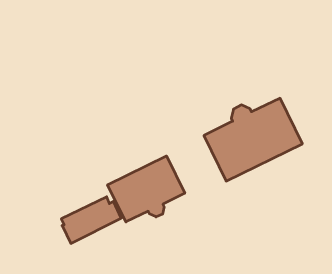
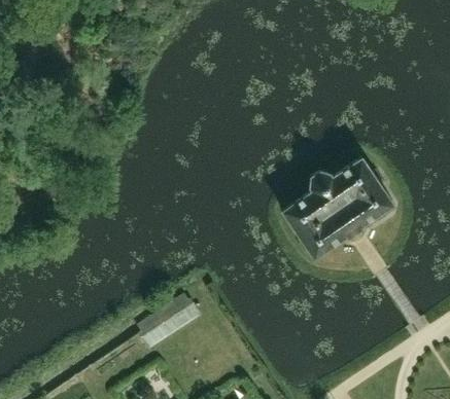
building: [108,156,185,222] -> none

